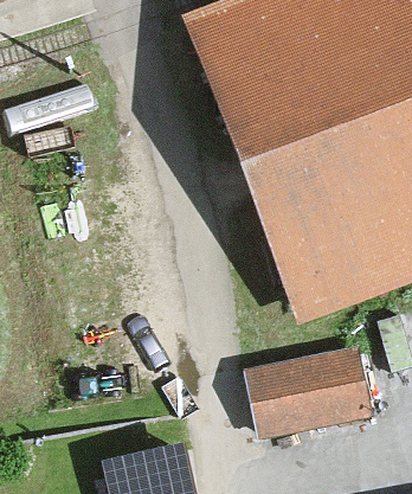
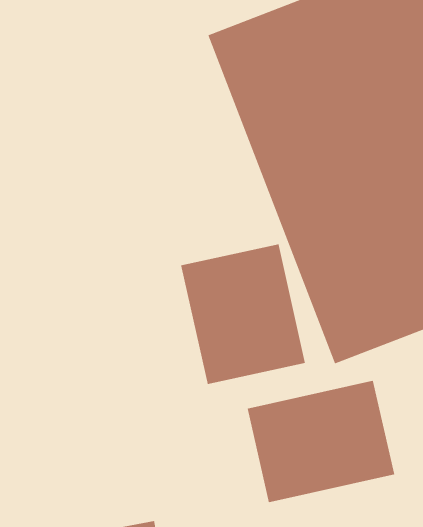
building: none -> [181,243,306,385]

